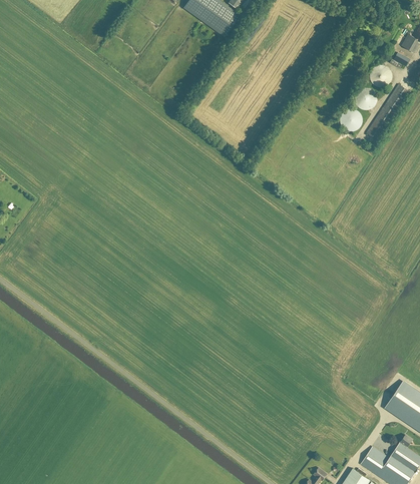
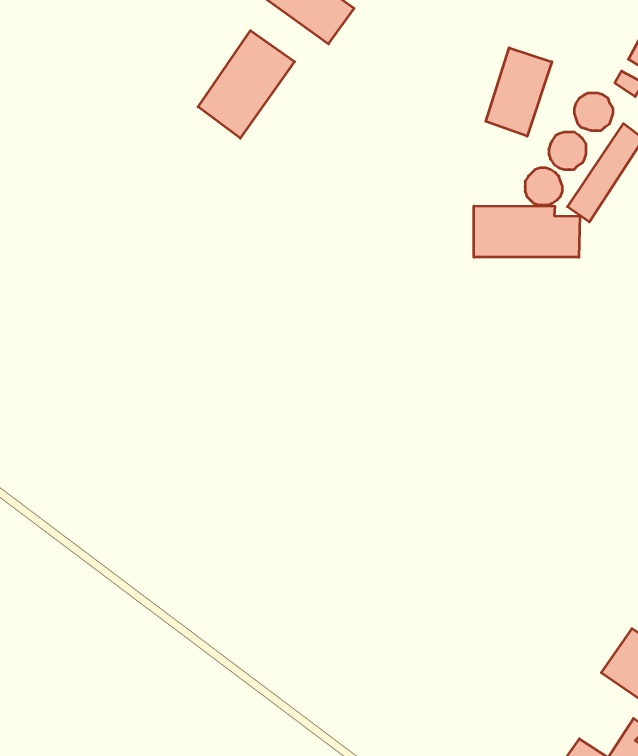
building: none -> [198,31,295,138]
building: none -> [486,48,552,136]
building: none -> [474,206,580,257]

